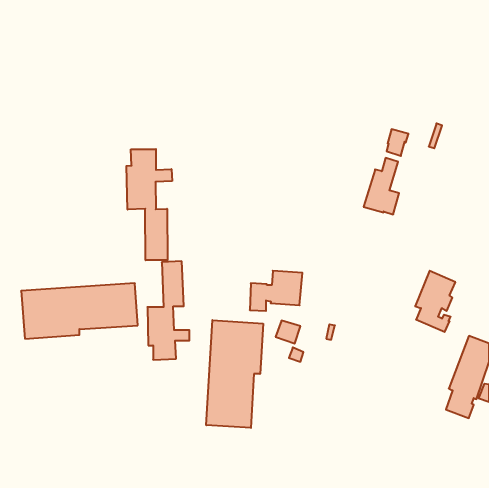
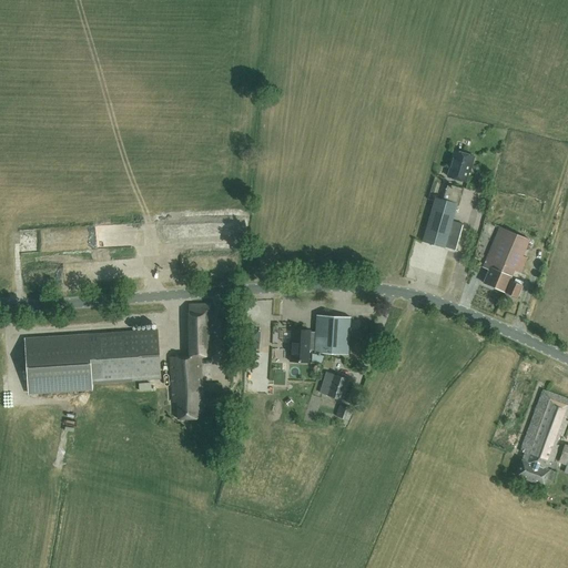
building: [126,149,172,260] -> none
building: [415,271,455,332] -> [483,225,529,296]
building: [206,320,263,428] -> none

